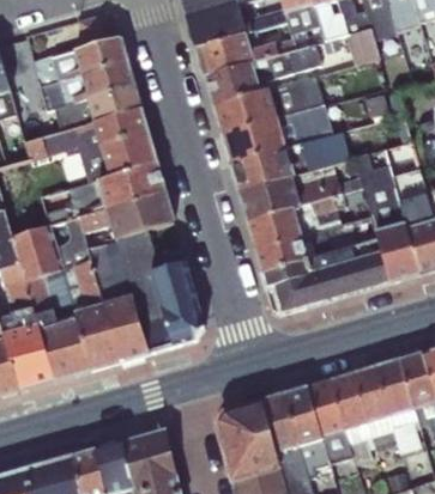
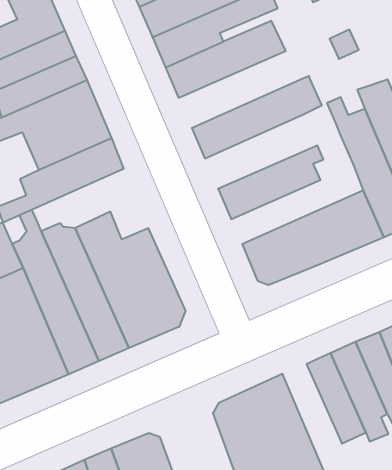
building: [222,103,333,161] -> none
building: [238,161,363,219] -> none
building: [77,190,173,238] -> none
building: [255,213,377,272] -> none
building: [284,386,330,476] -> none

